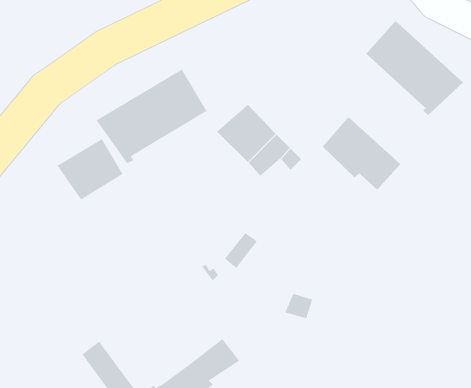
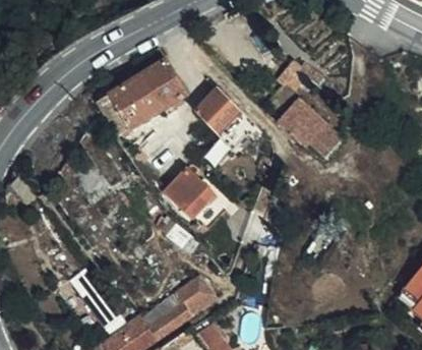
building: [365,20,464,116] -> none
building: [56,138,123,201] -> none
building: none -> [160,166,207,214]

